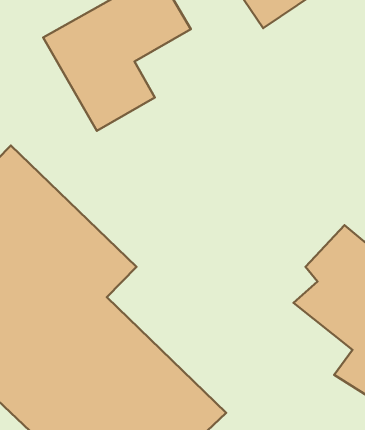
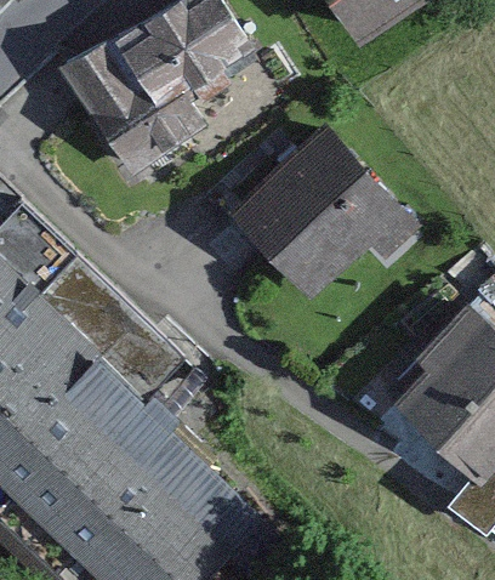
building: none -> [224,121,426,305]

